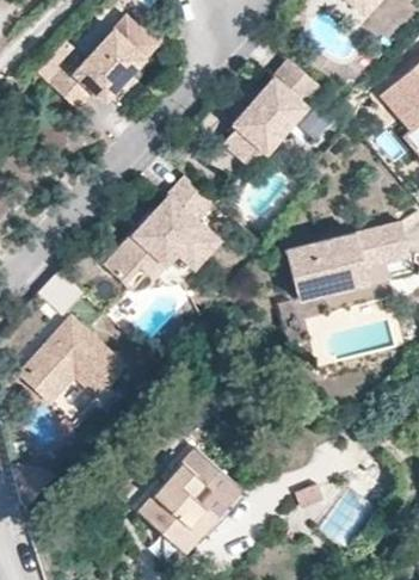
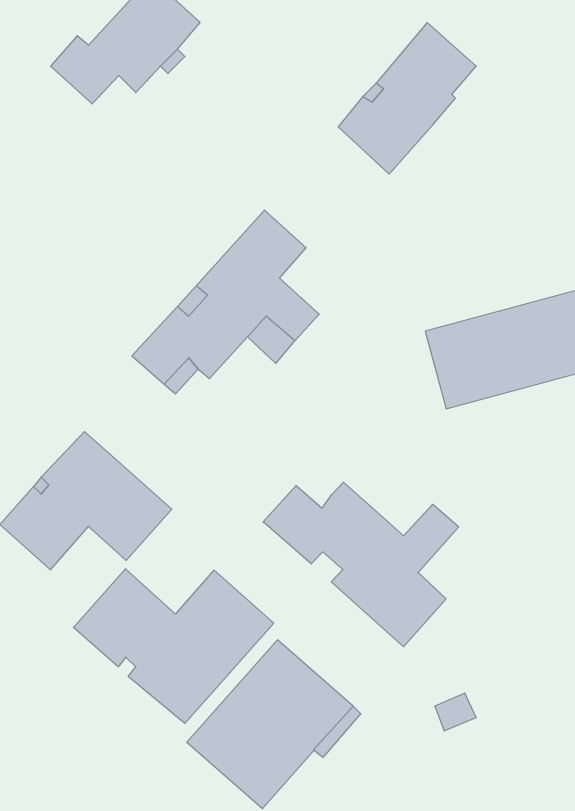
building: none -> [263,482,459,647]
building: none -> [73,569,274,723]

